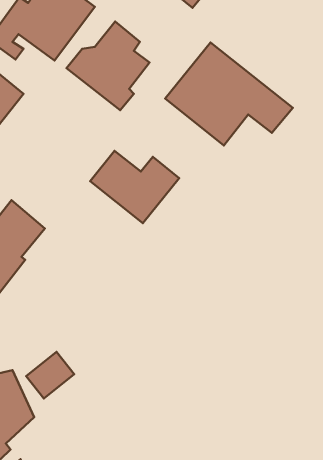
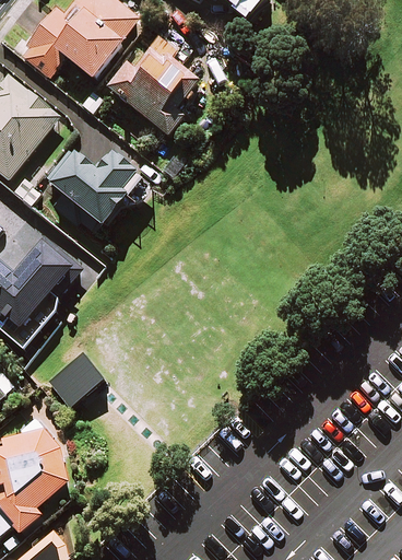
building: [165,43,293,145] -> none
building: [90,151,179,223] -> [45,147,144,228]
building: [26,352,74,399] -> [49,354,103,407]

